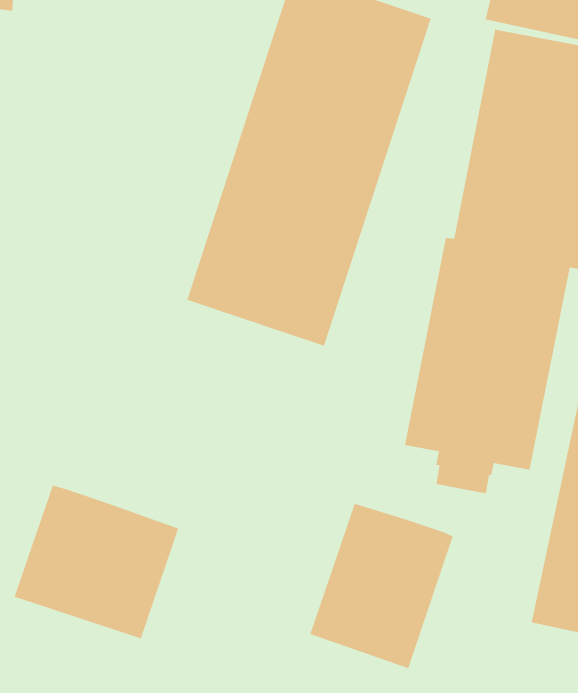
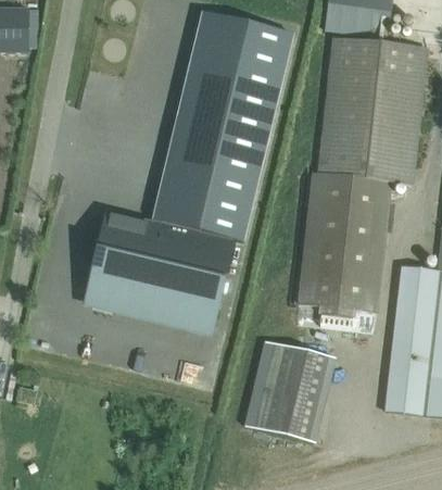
building: none -> [86,213,233,327]
building: [14,485,179,639] -> none

